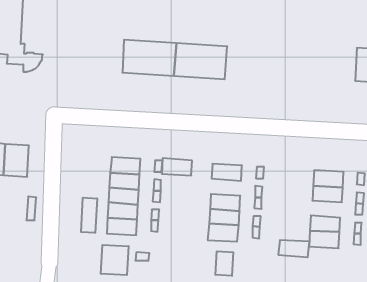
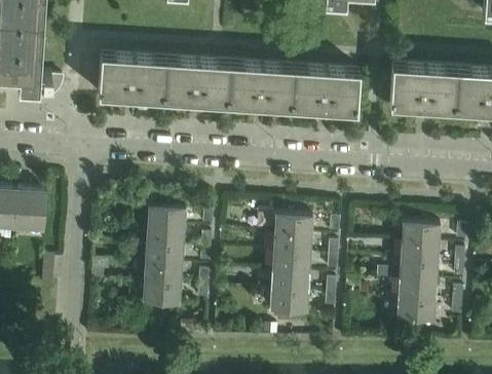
building: none -> [98,59,164,104]
building: none -> [389,69,456,114]
building: none -> [291,71,358,116]
building: [162,158,192,175] -> [273,236,311,258]
building: [81,198,97,233] -> none
building: [278,240,309,257] -> [399,264,438,286]
building: [101,245,129,275] -> none
building: [216,251,233,276] -> none

